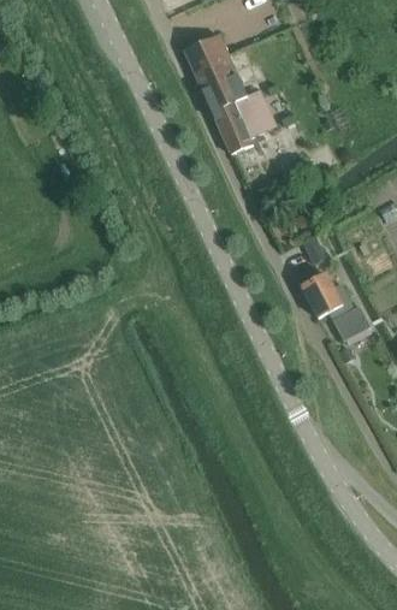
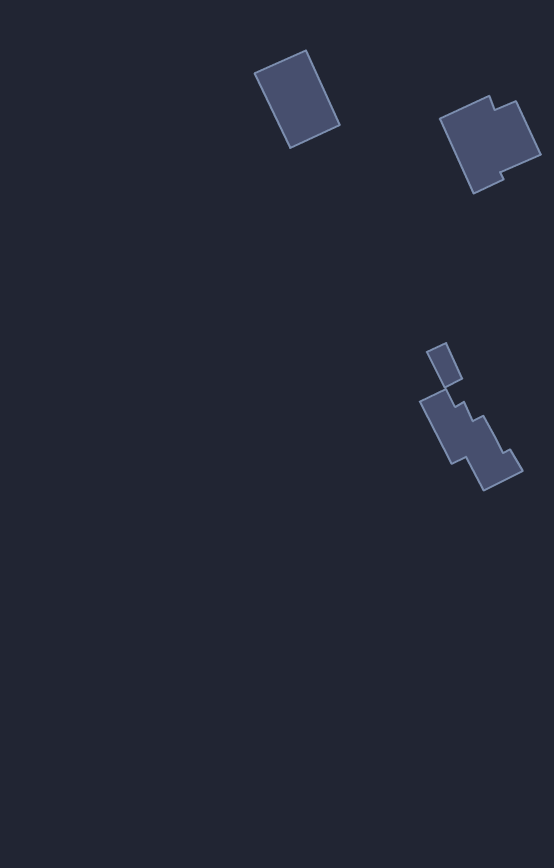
building: [207,85,275,152] -> [440,96,541,193]

